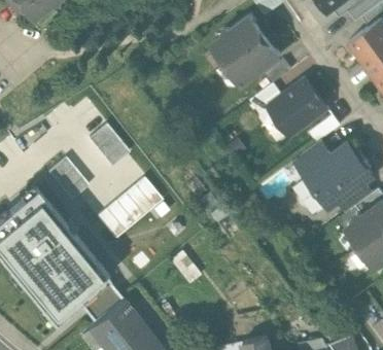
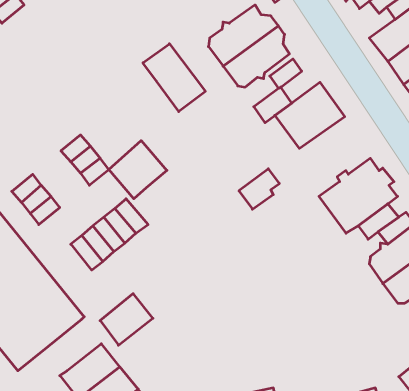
building: none -> [143,44,205,112]
building: none -> [109,141,167,199]
building: [293,142,327,176] -> [239,169,279,209]
building: [78,279,123,322] -> [100,294,153,345]

